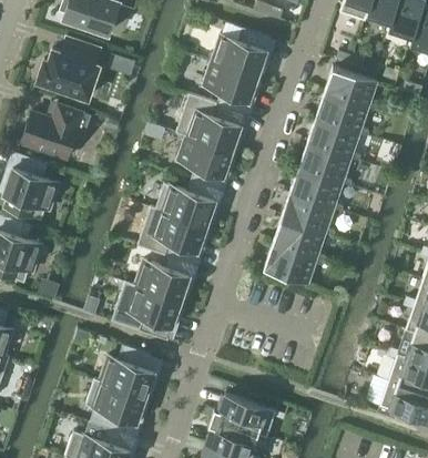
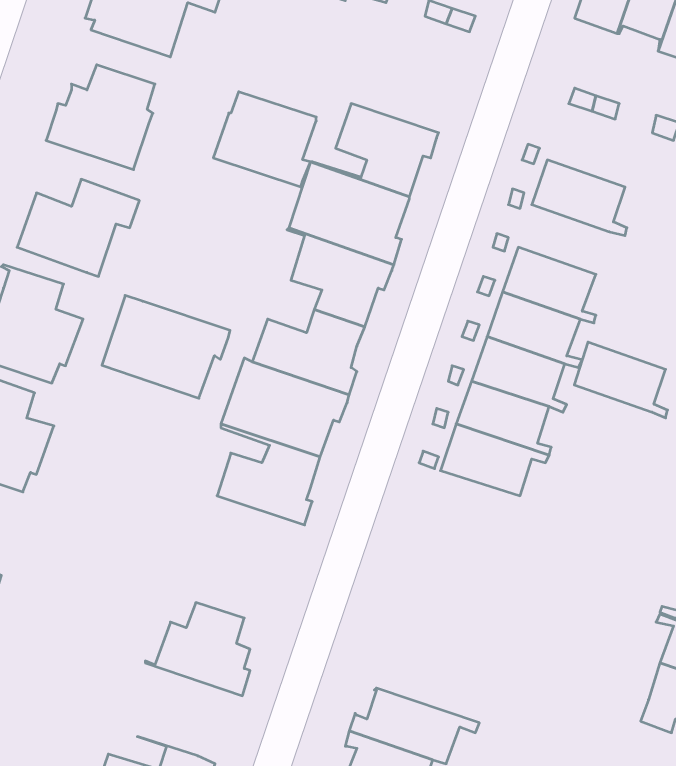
building: [212,23,271,78] -> [213,92,316,187]
building: [324,67,378,111] -> none
building: [307,119,360,162] -> [574,342,668,418]
building: [112,282,185,340] -> [102,295,230,398]
building: [85,380,150,434] -> none

